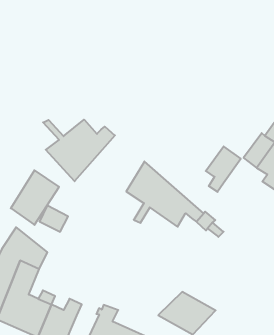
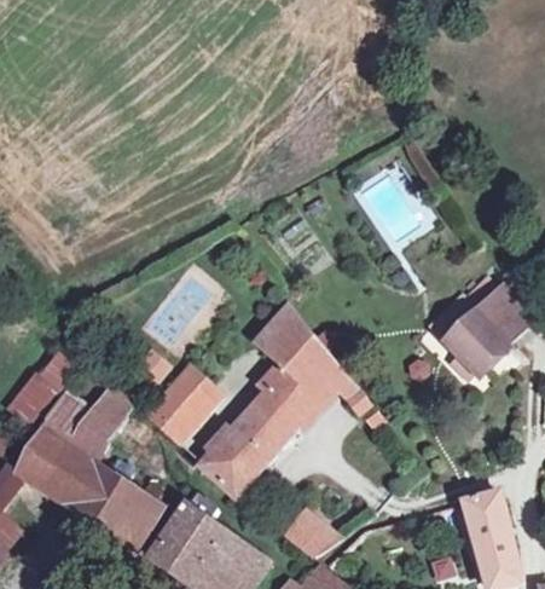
building: [43,120,115,181] -> none
building: [206,146,241,192] -> none
building: [11,170,59,225] -> [149,366,221,443]
building: none -> [199,371,319,500]

